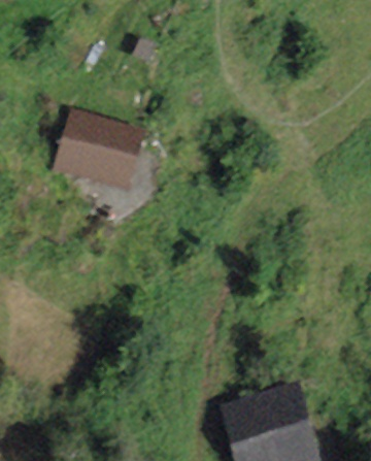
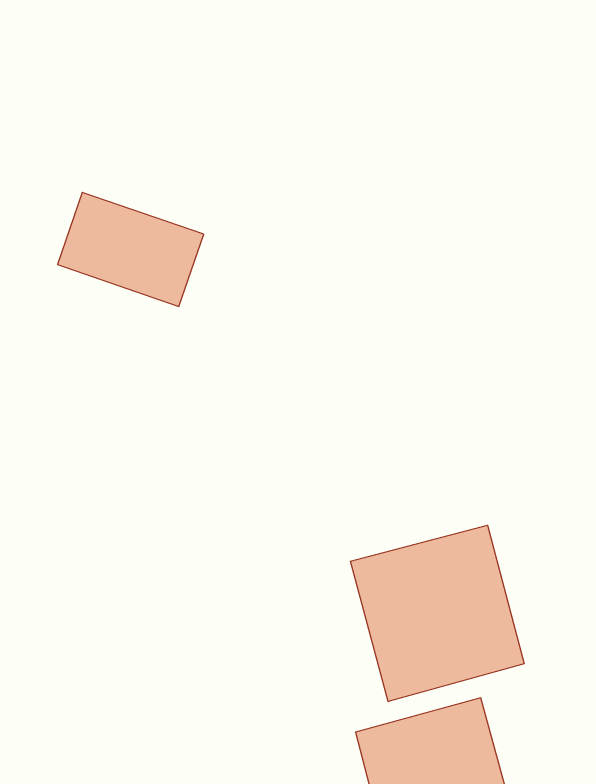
building: none -> [351,525,524,702]

